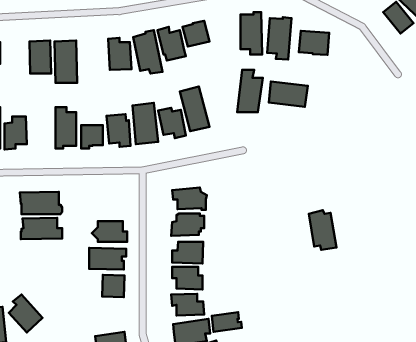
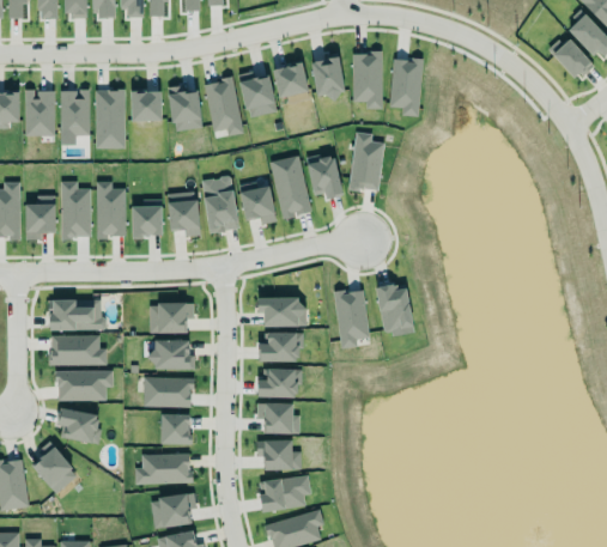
building: none -> [311,56,344,102]
building: [299,31,329,55] -> none
building: none -> [24,90,55,136]
building: none -> [130,91,162,122]
building: [269,81,308,107] -> none
building: none -> [306,154,342,199]
building: none -> [60,182,90,239]
building: none -> [333,288,369,348]
building: none -> [148,296,188,332]
building: [309,210,337,250] -> [375,280,413,335]
building: none -> [54,370,113,401]
building: none -> [56,408,102,444]
building: none -> [135,454,192,485]
building: [212,312,242,332] -> none

